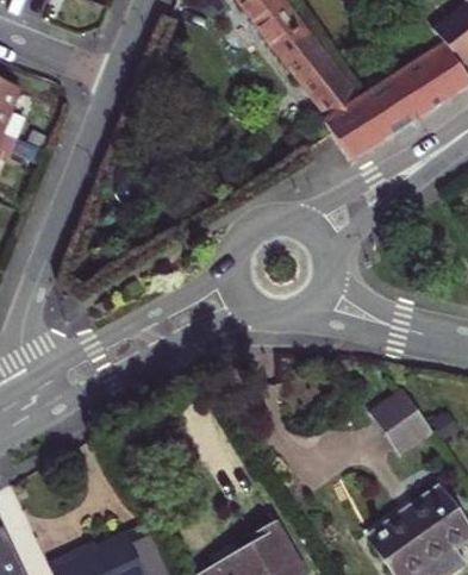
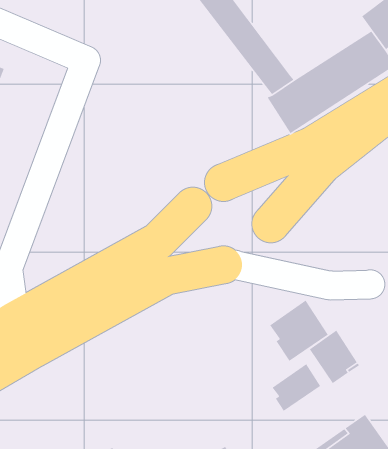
building: none -> [269,300,329,362]
building: none -> [272,363,321,412]

